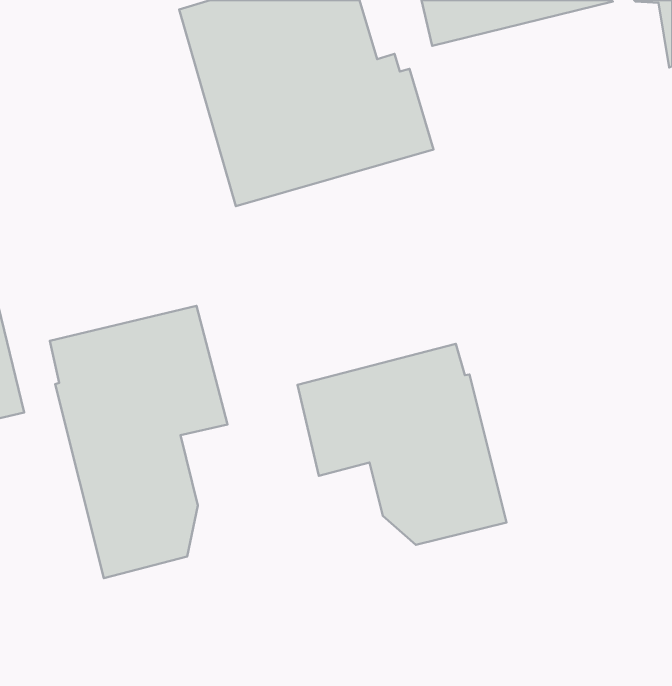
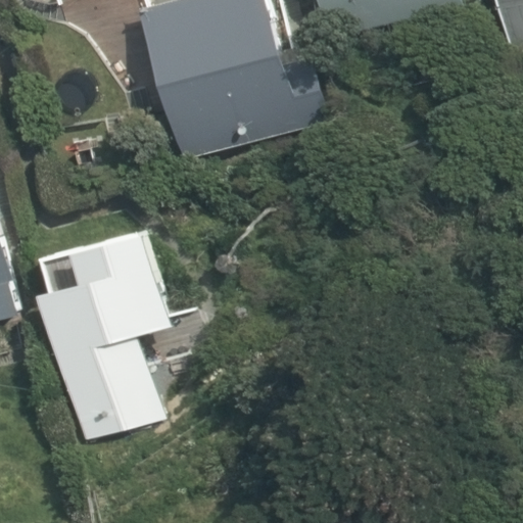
building: [298,344,506,545] -> none

